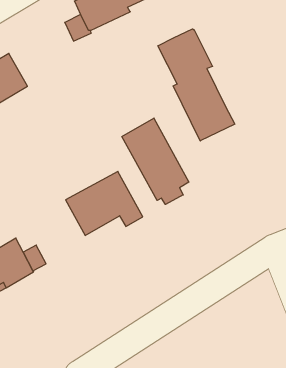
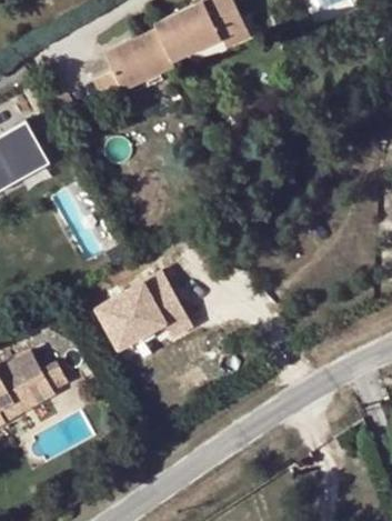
building: [158,29,235,141] -> none
building: [122,118,189,204] -> none

